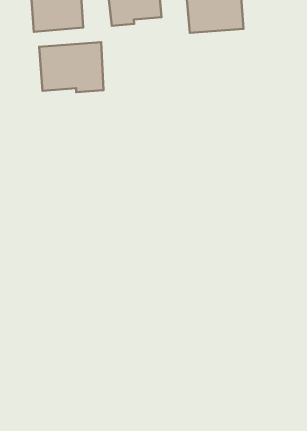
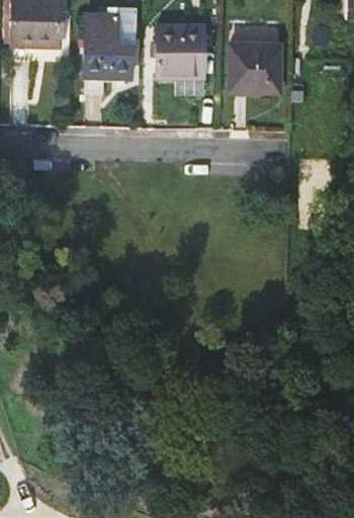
building: [39,42,103,92] -> none

